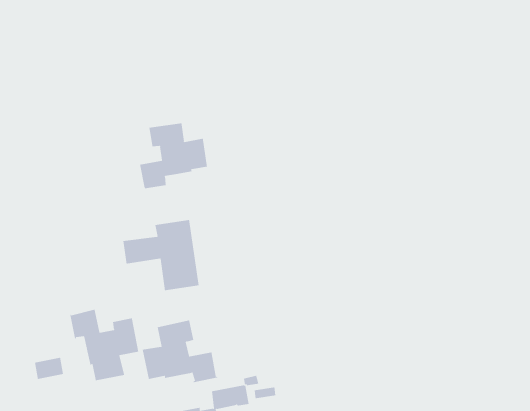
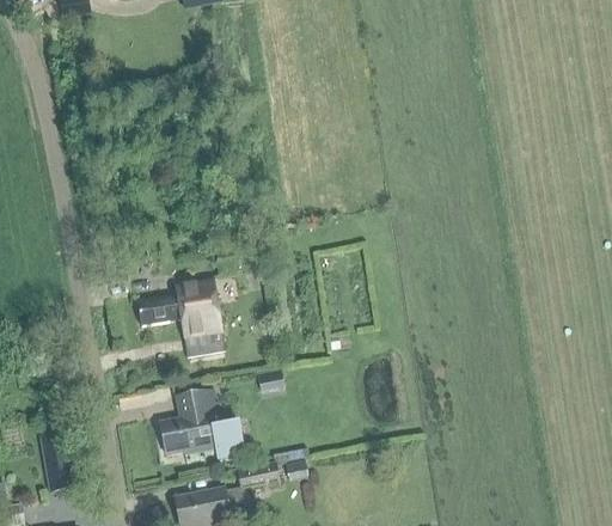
building: [140,122,207,190] -> none
building: [69,309,139,381] -> none

